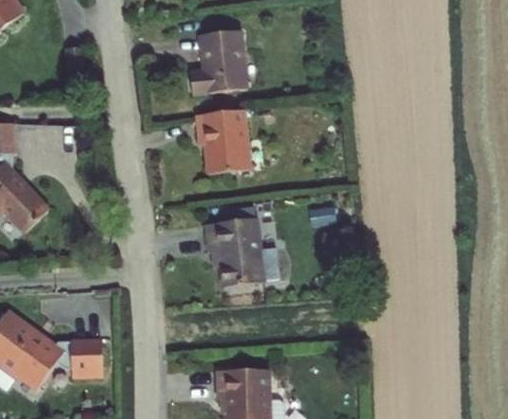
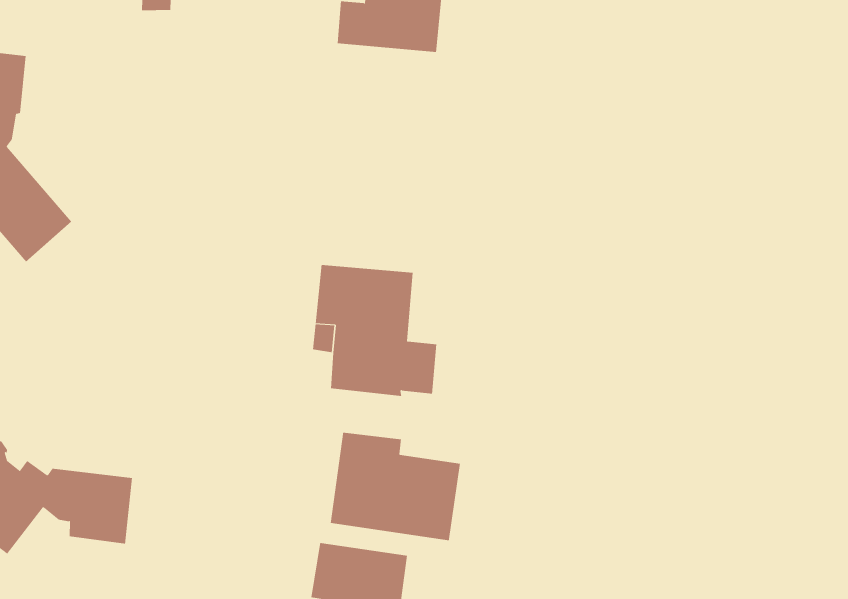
building: [192,111,245,169] -> none
building: none -> [330,432,460,541]

